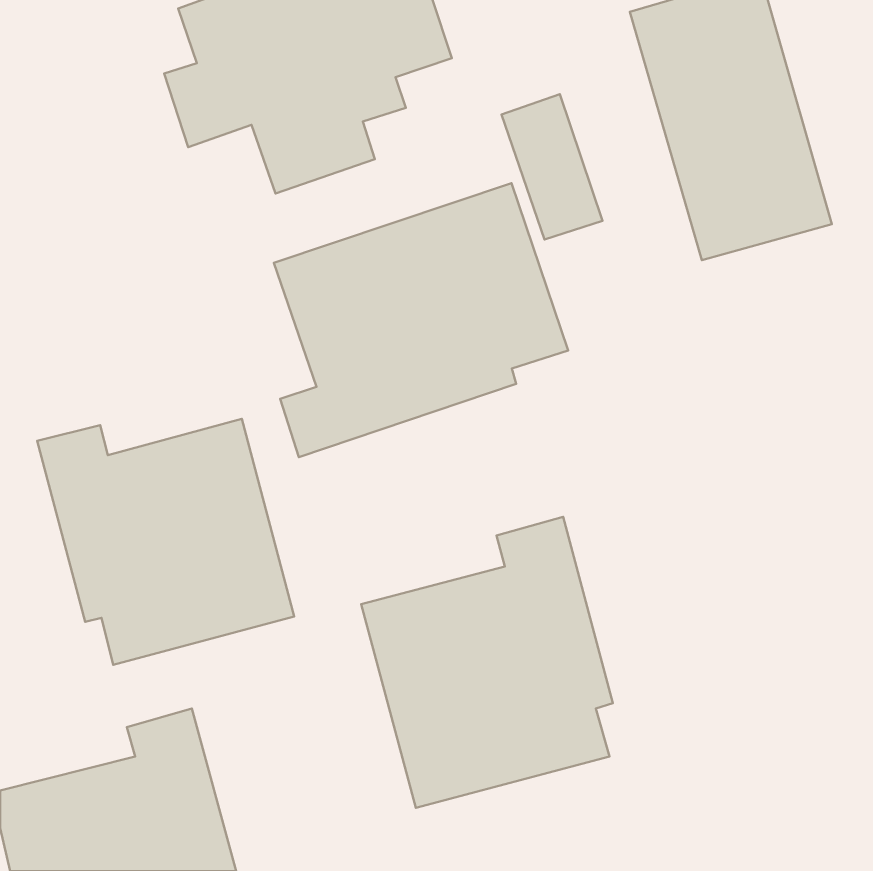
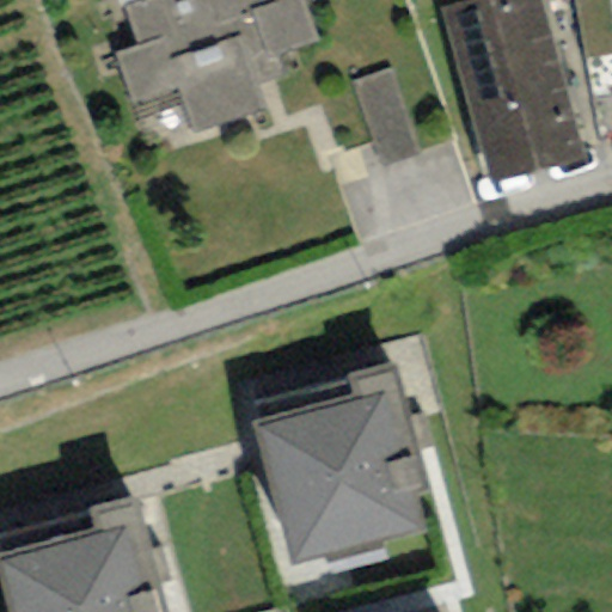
building: [274,183,568,457] -> none
building: [37,419,294,665] -> none

